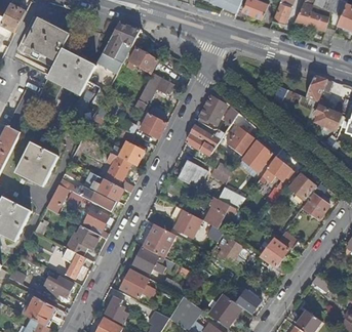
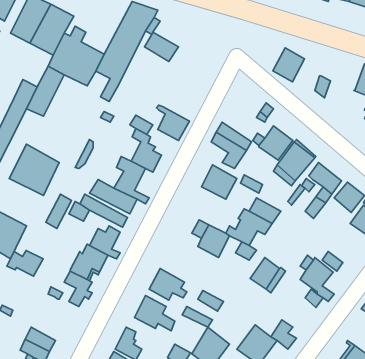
building: [134,73,174,111] -> none
building: [199,96,226,125] -> [273,48,305,82]
building: [143,223,175,257] -> none
building: [43,277,74,298] -> [7,250,43,276]

